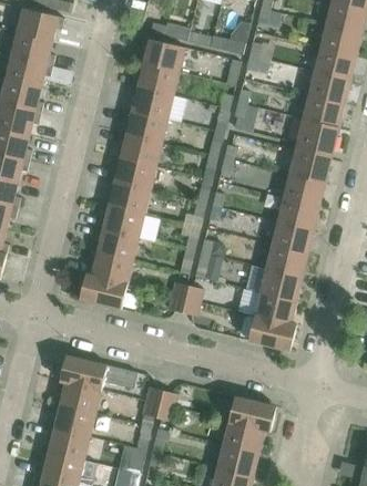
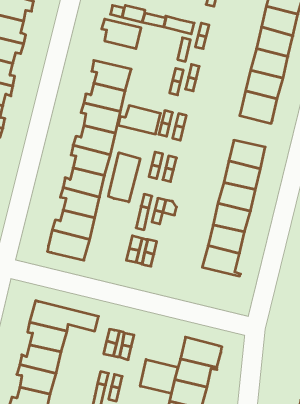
building: [132,62,180,94] -> [118,106,161,134]
building: [289,146,332,182] -> none
building: none -> [108,153,140,202]
building: [248,317,296,350] -> none
building: none -> [140,359,178,393]

